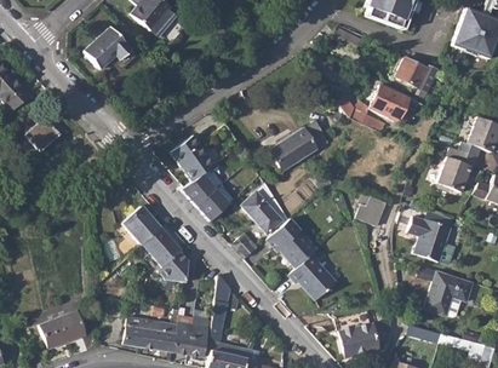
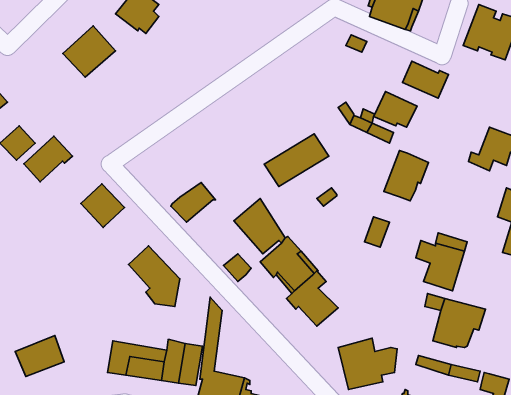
building: none -> [24,136,72,182]
building: [171,138,214,183] -> none
building: [435,148,476,194] -> [384,151,429,201]
building: [198,185,235,223] -> none
building: [122,206,162,246] -> [81,184,124,227]

